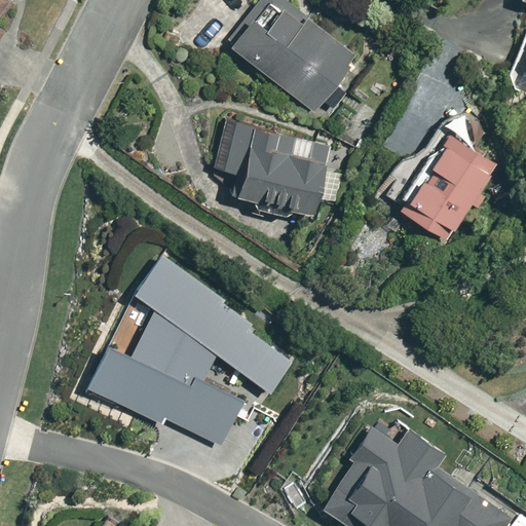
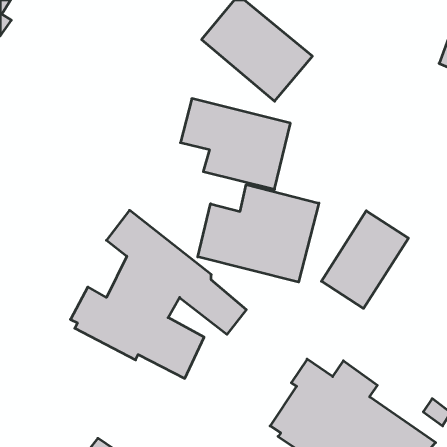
building: [403,133,504,247] -> [321,211,408,308]
building: none -> [198,185,319,282]

